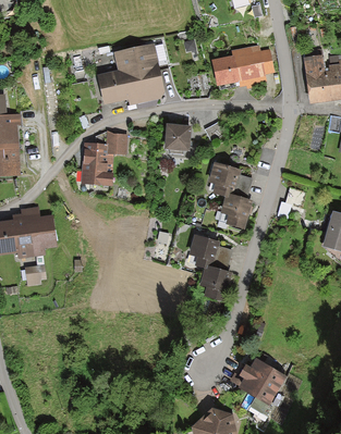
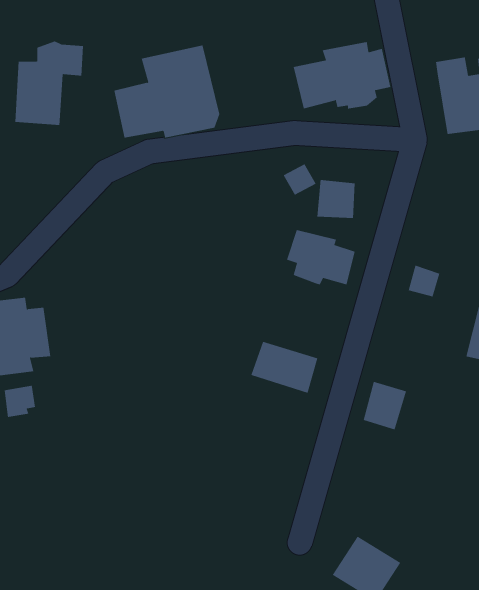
building: [165,125,190,150] -> [316,180,355,219]
building: [82,131,126,185] -> [14,41,84,125]
building: [220,195,252,228] -> none
building: [196,266,224,298] -> [363,381,407,430]

